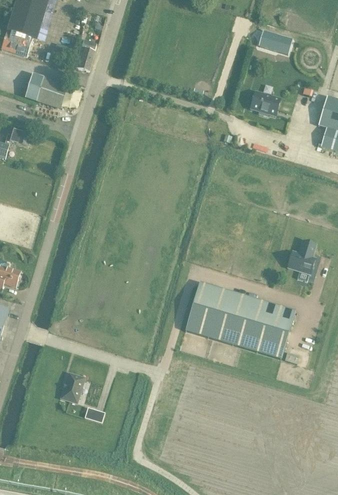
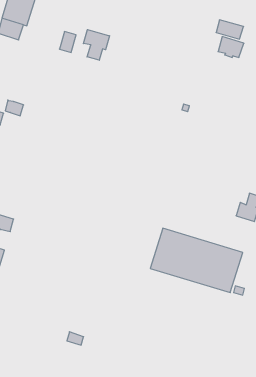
building: none -> [83,30,110,60]
building: [26,75,65,105] -> none
building: [249,90,280,115] -> [218,37,244,57]
building: [60,372,84,402] -> none

